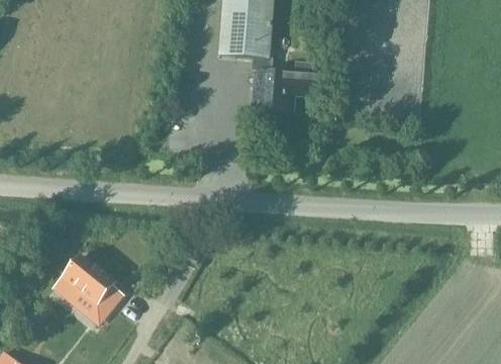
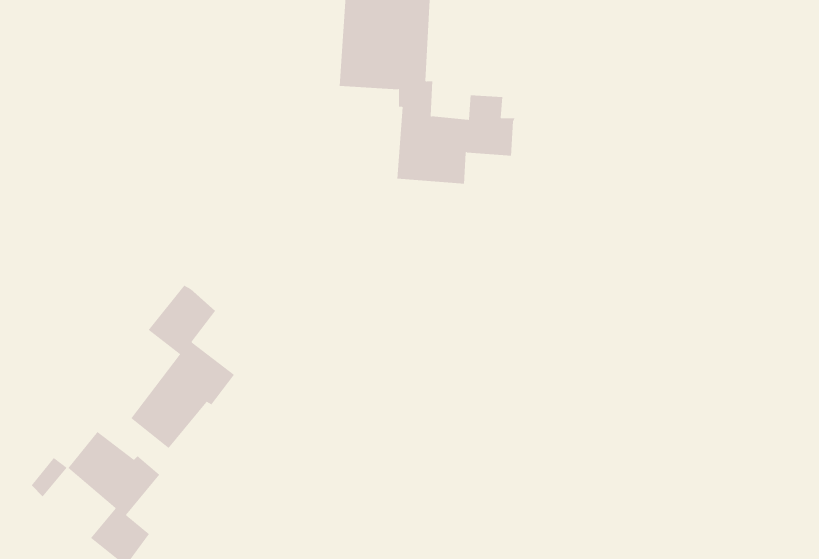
building: none -> [130,285,235,449]

